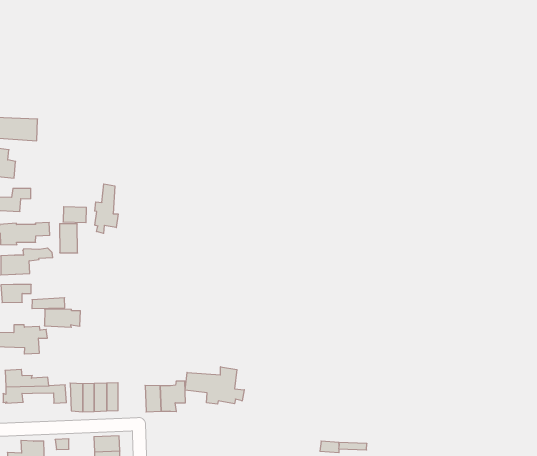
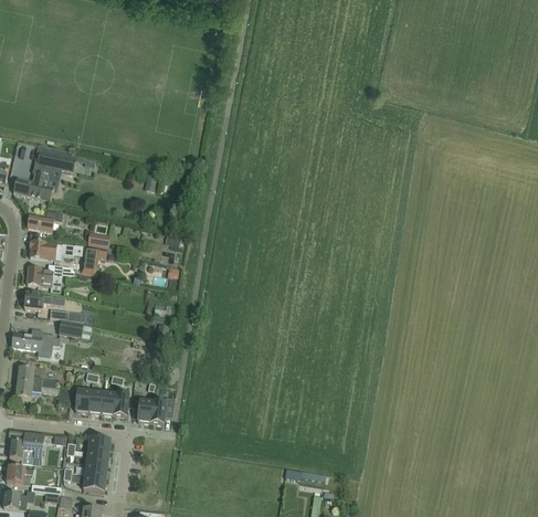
building: [95,184,118,233] -> none
building: [185,367,244,404] -> none

